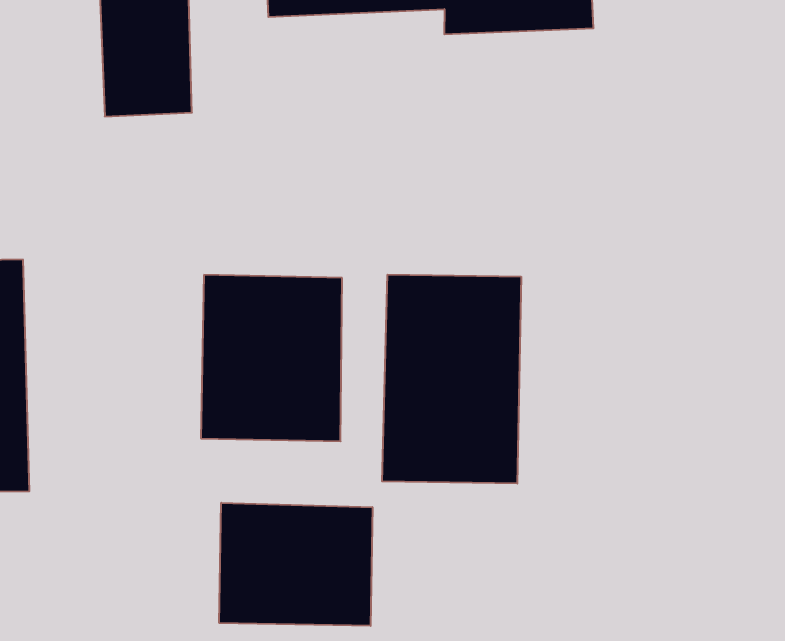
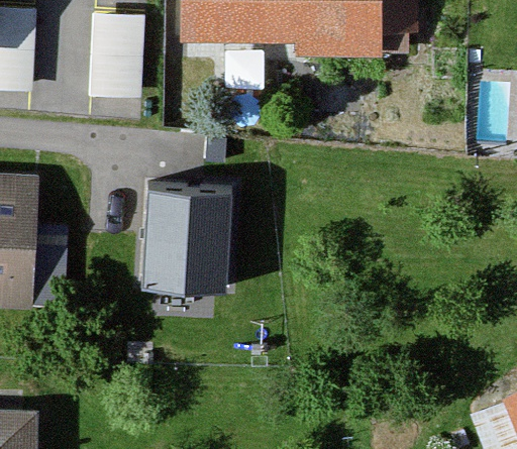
building: [382,275,521,484] -> none
building: [219,503,372,626] -> none

